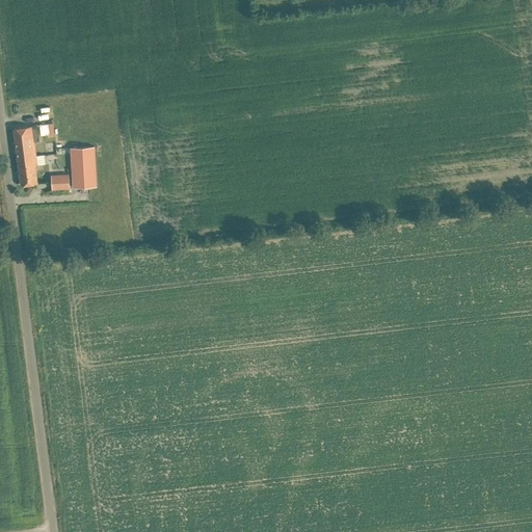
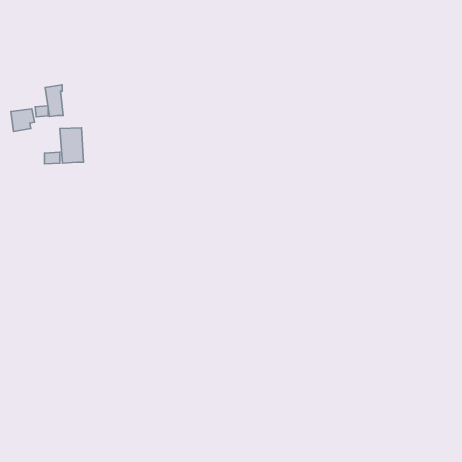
building: [16,149,36,185] -> [45,85,63,116]

